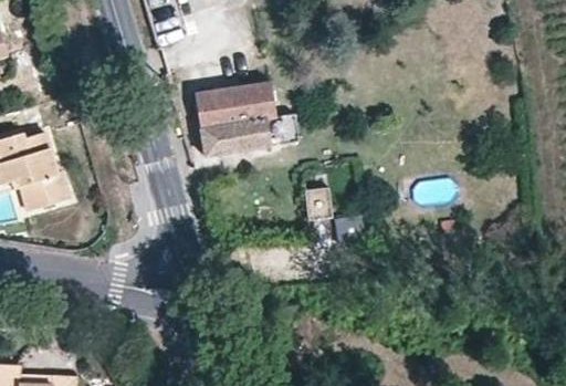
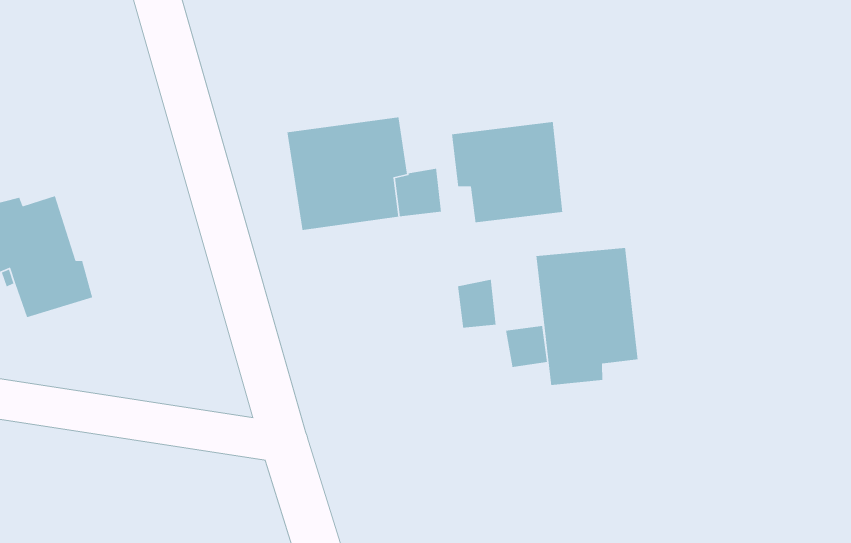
building: none -> [451,121,563,223]
building: none -> [536,247,638,386]

